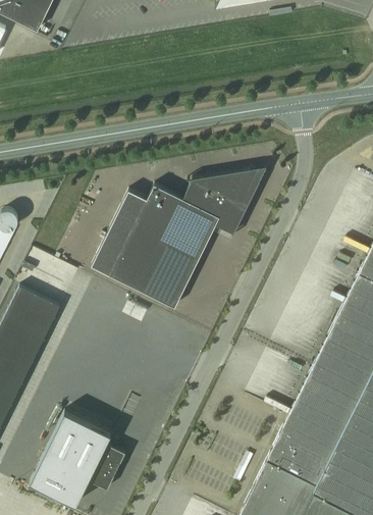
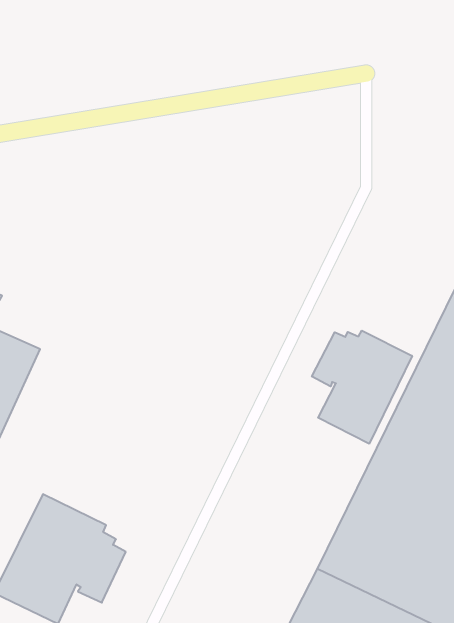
building: [92,169,260,308] -> none
building: none -> [312,331,412,444]

